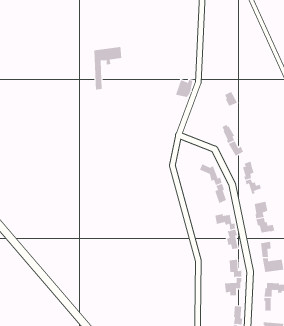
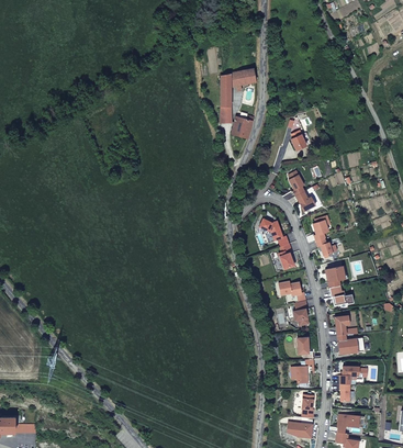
building: [93,46,122,90] -> [221,69,256,123]

